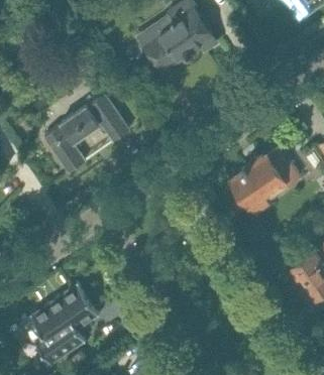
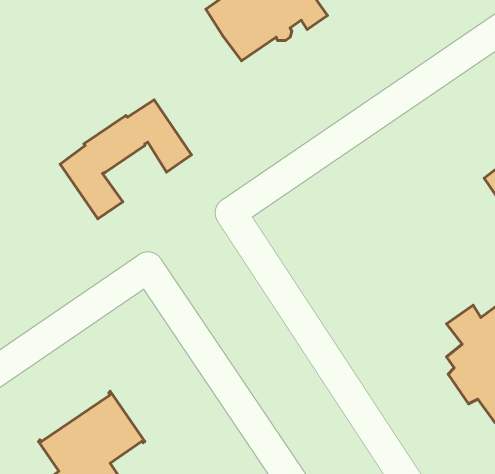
building: [229,148,302,212] -> none

